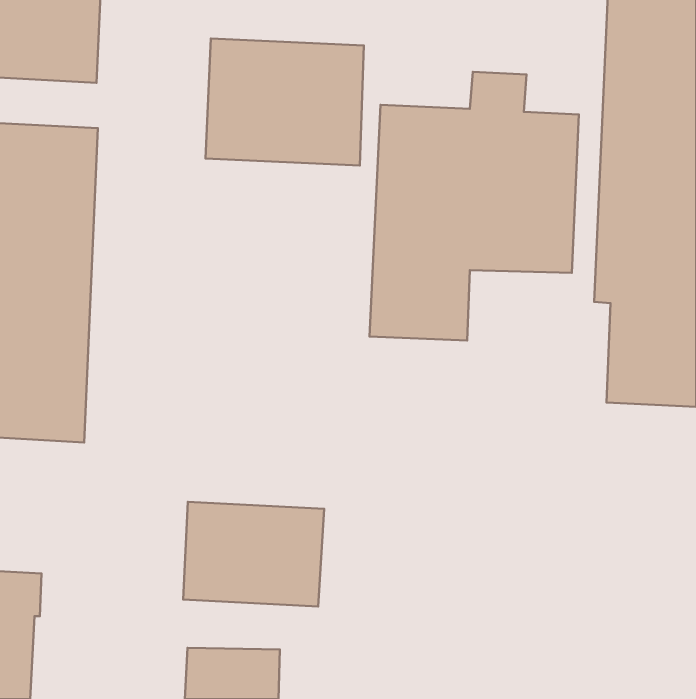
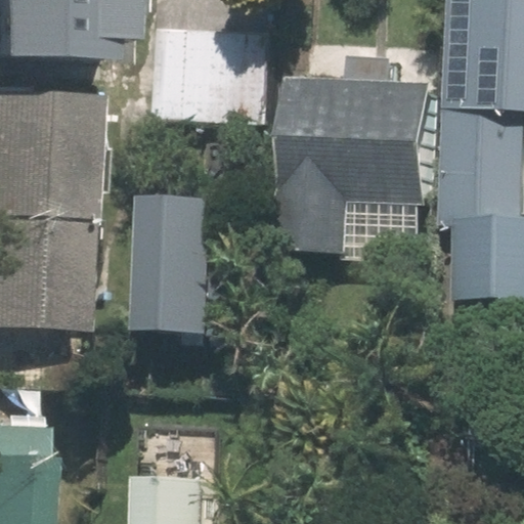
building: none -> [139,193,239,339]
building: [183,502,324,606] -> none

